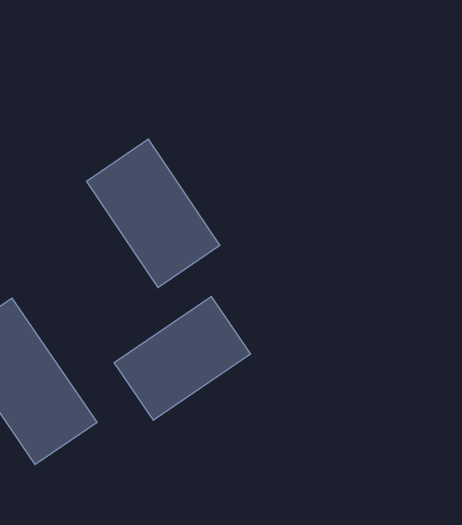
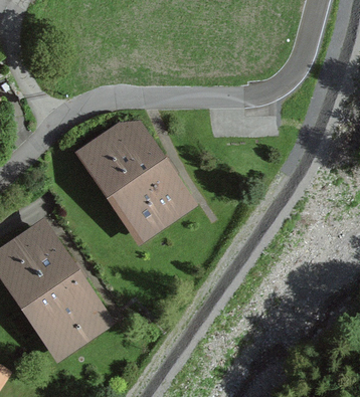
building: [114,296,251,420] -> none

